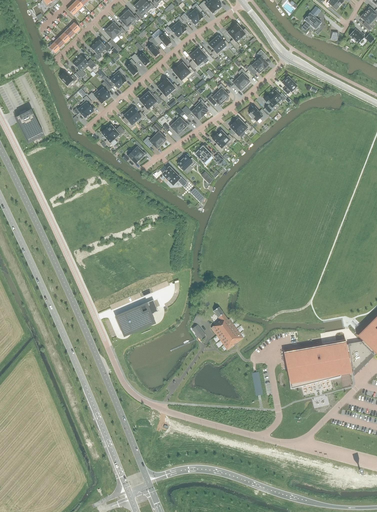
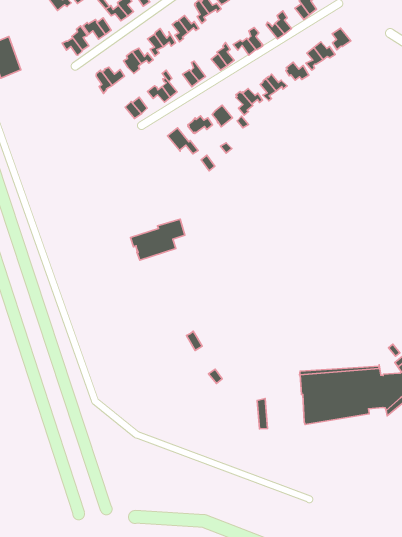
building: [116,298,158,333] -> [131,219,185,260]
building: [211,305,243,348] -> none

